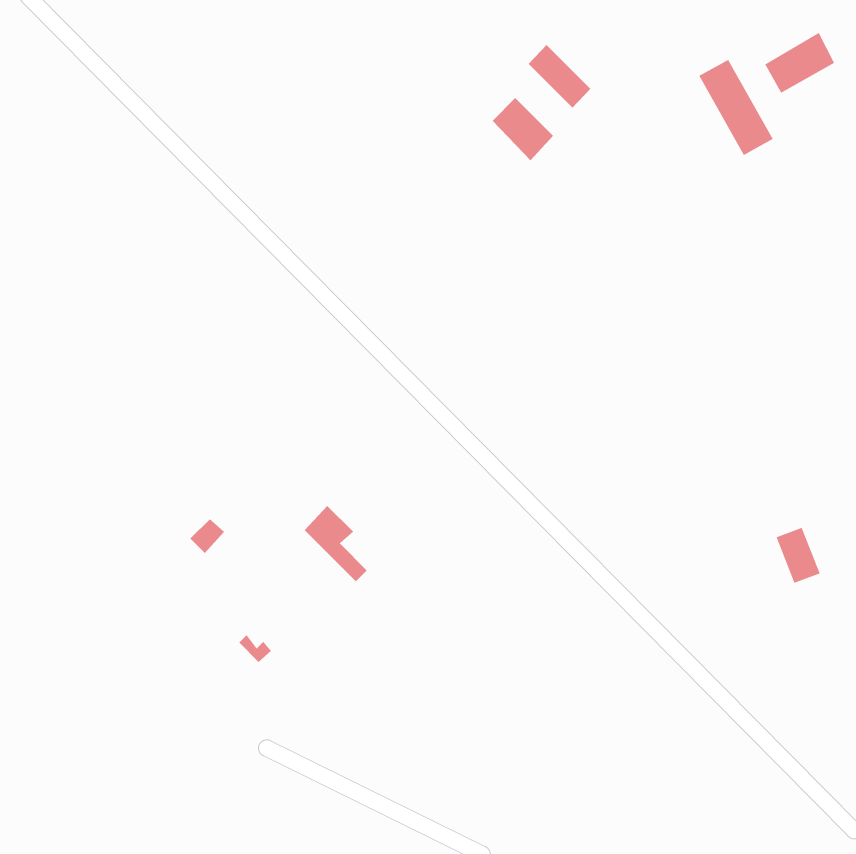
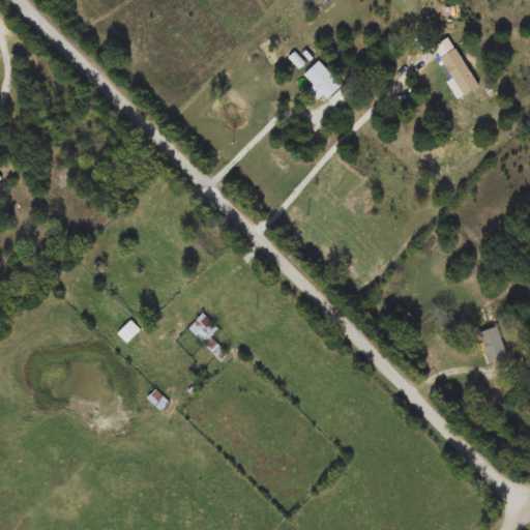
building: [764,32,835,94] -> none
building: [528,44,591,108] -> none

